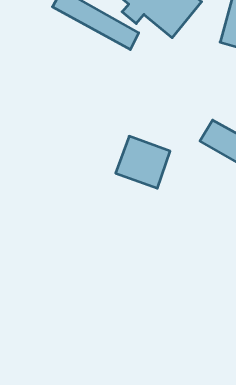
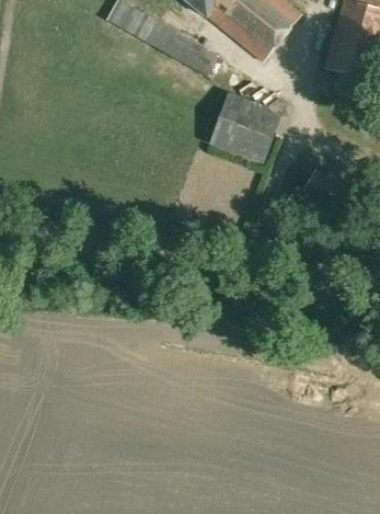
building: [116,136,170,188] -> [209,92,280,160]

